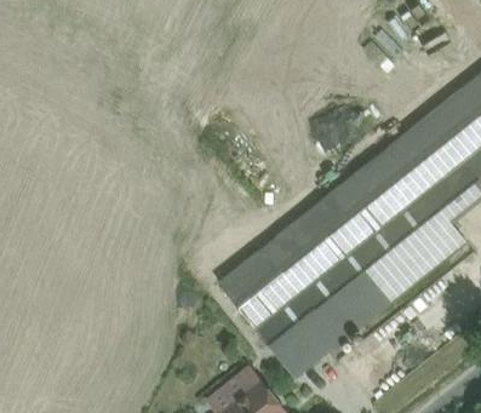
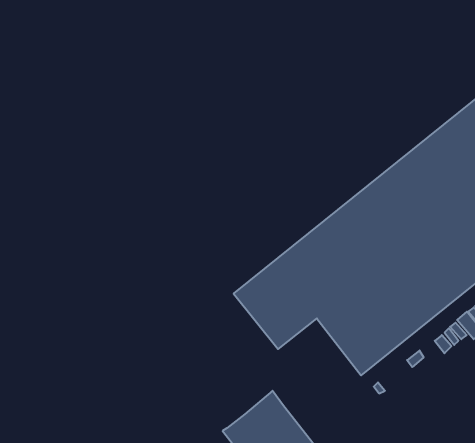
building: [259,303,332,379] -> none

